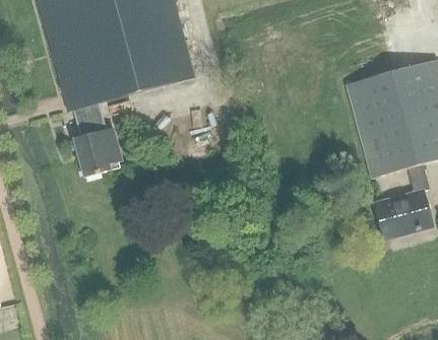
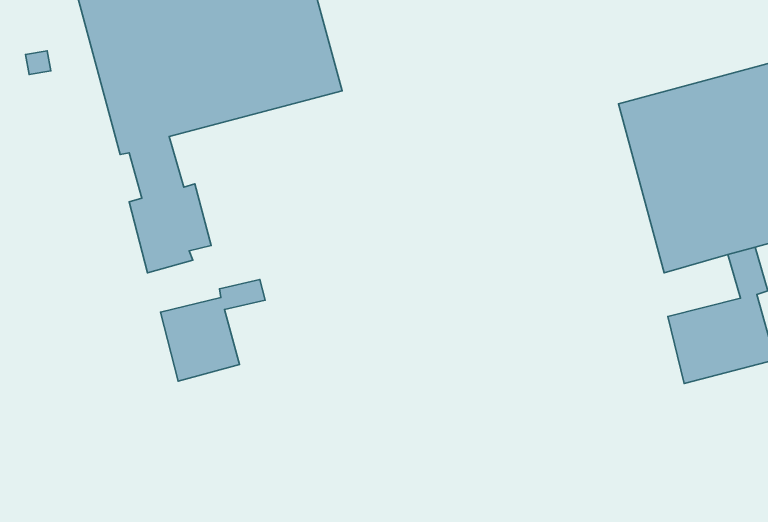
building: none -> [160,279,265,381]

